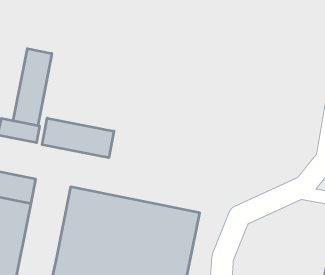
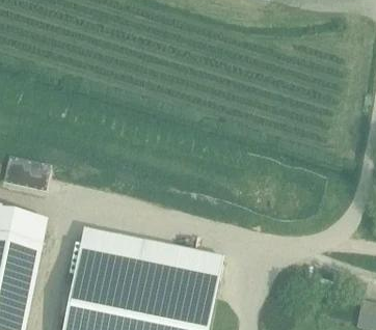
building: [13,49,52,126] -> none
building: [42,118,114,158] -> none

